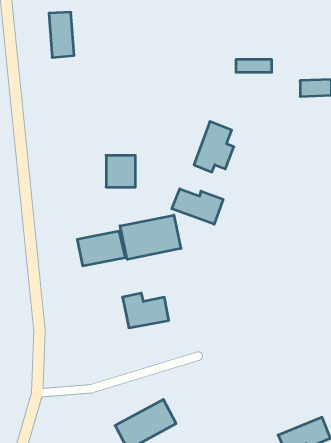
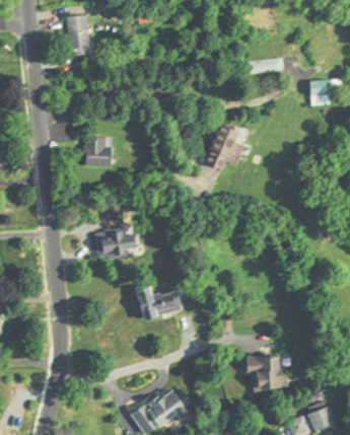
building: [106,155,135,187] -> [83,136,112,166]
building: [172,189,223,224] -> none
building: [120,215,181,259] -> none
building: none -> [249,355,286,391]

